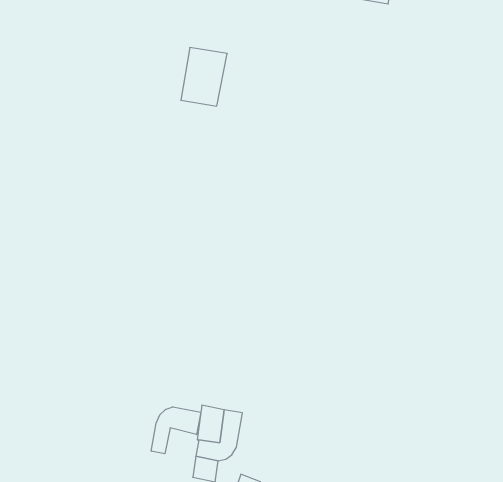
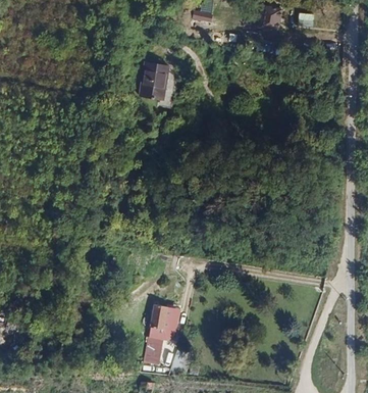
building: [151,407,201,454] -> none

